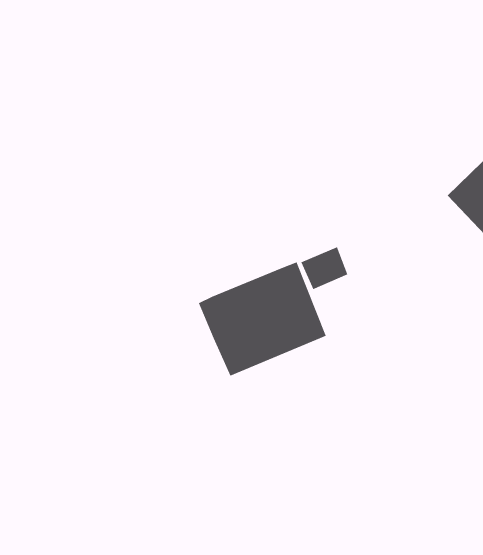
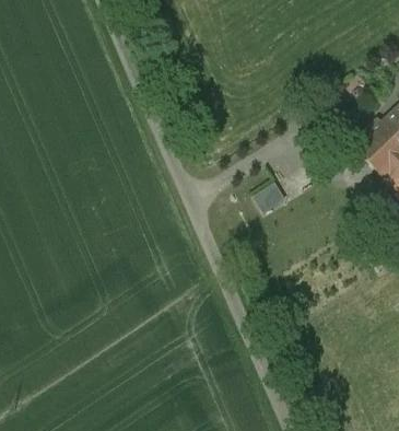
building: [198,261,326,377] -> none

